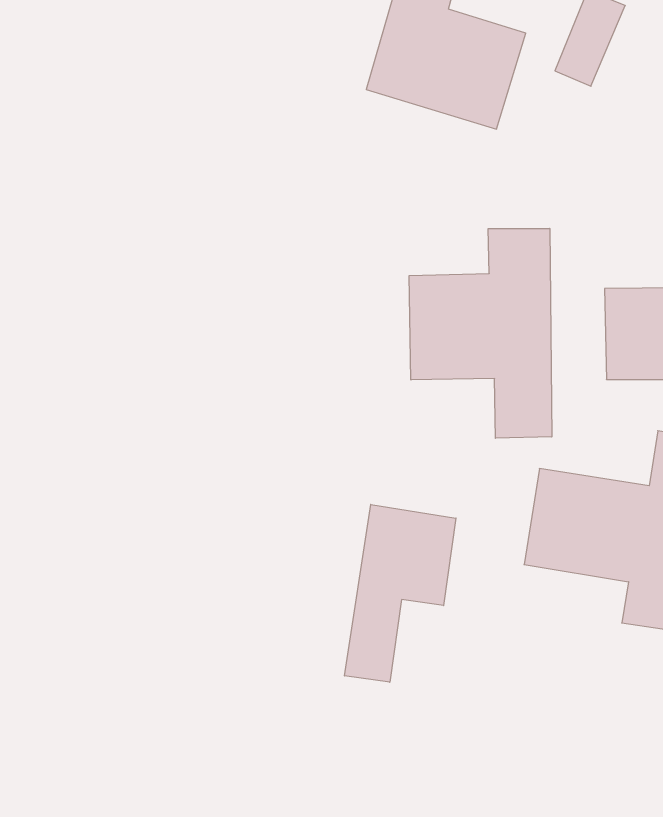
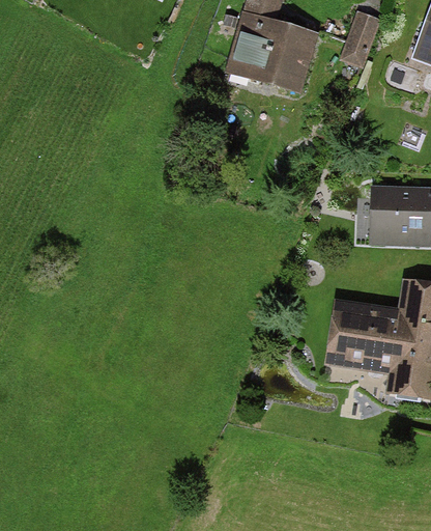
building: [409,228,552,438] -> none
building: [345,504,456,682] -> none

